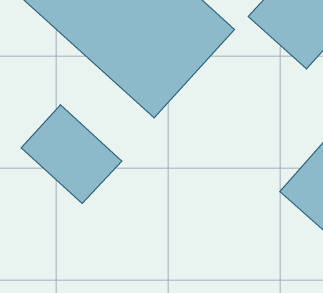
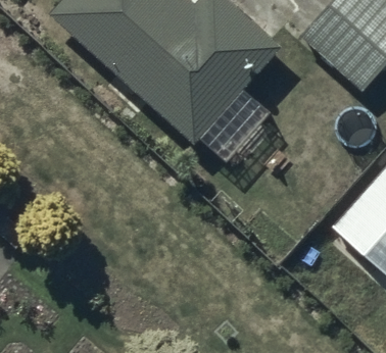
building: [21,105,122,203] -> none

